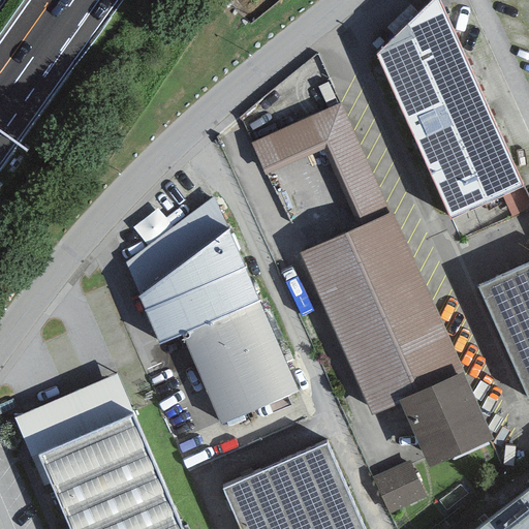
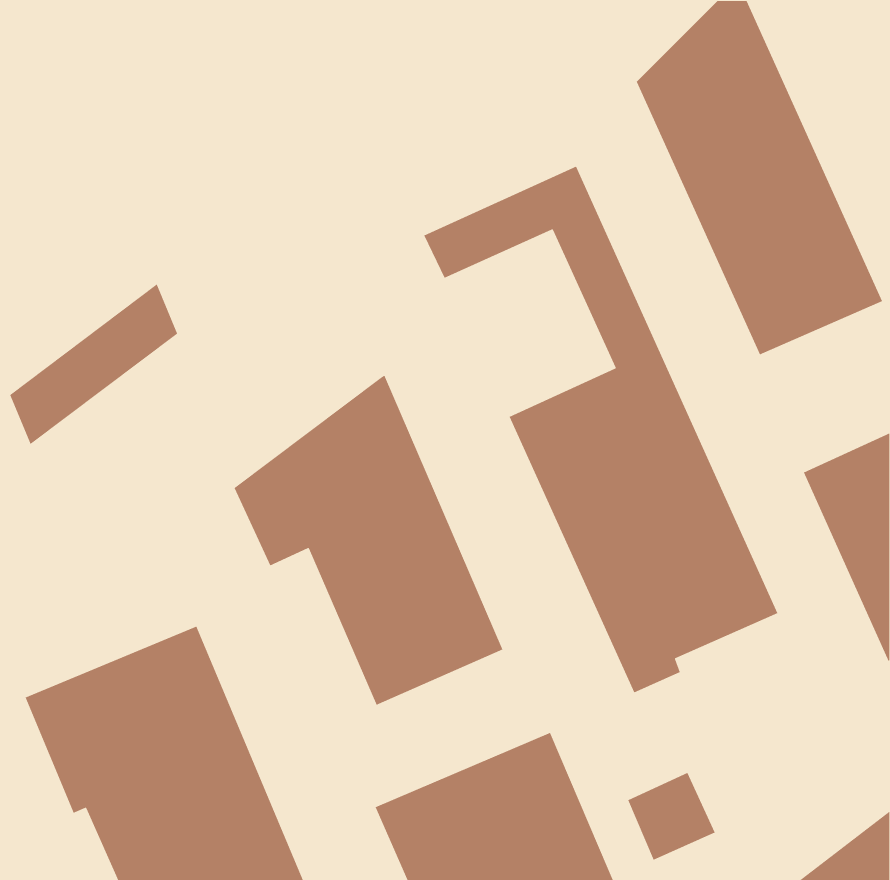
building: [126,199,226,295] -> [9,283,178,445]
building: [401,370,492,464] -> none

